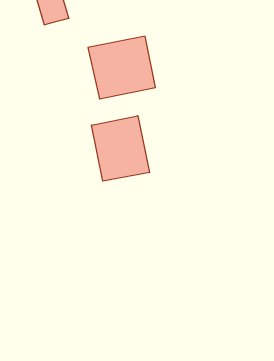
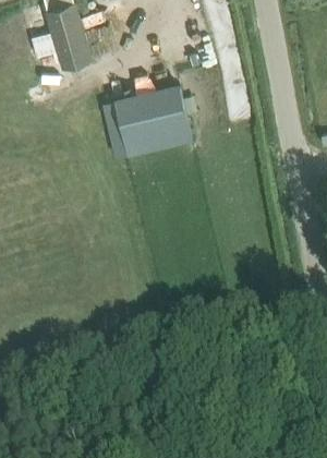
building: [91,116,150,181] -> none

